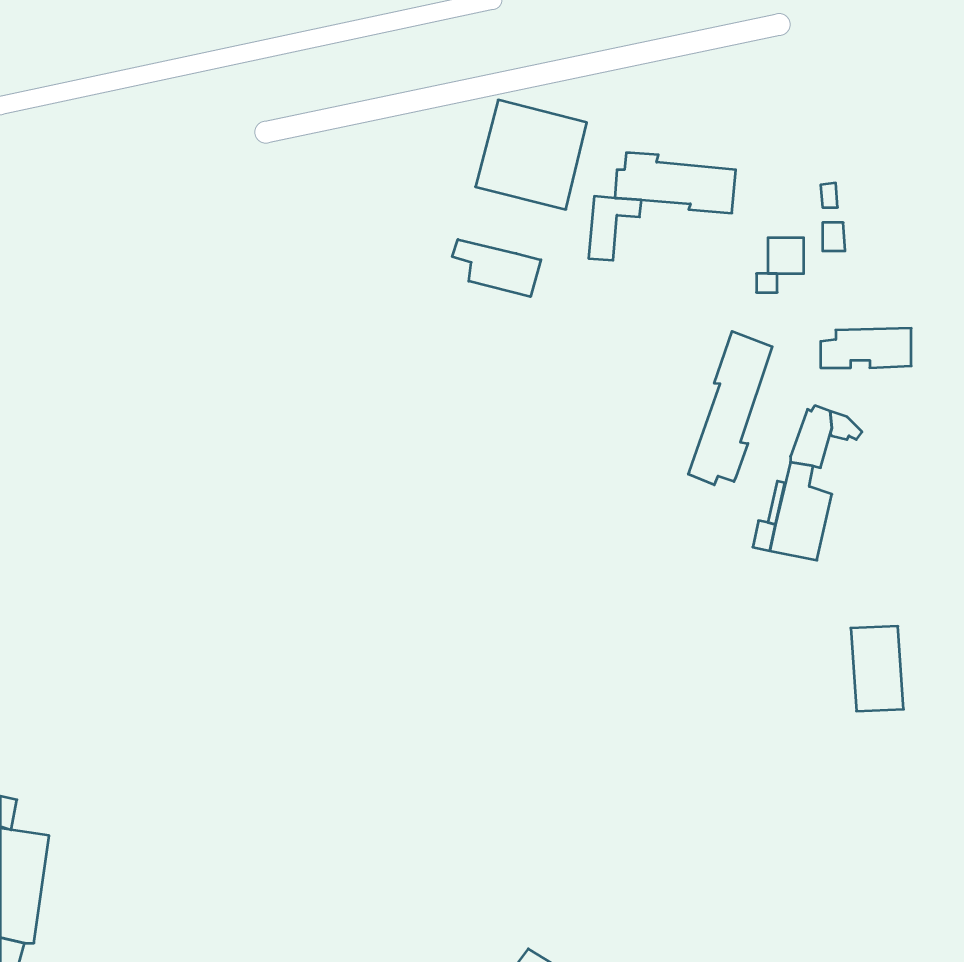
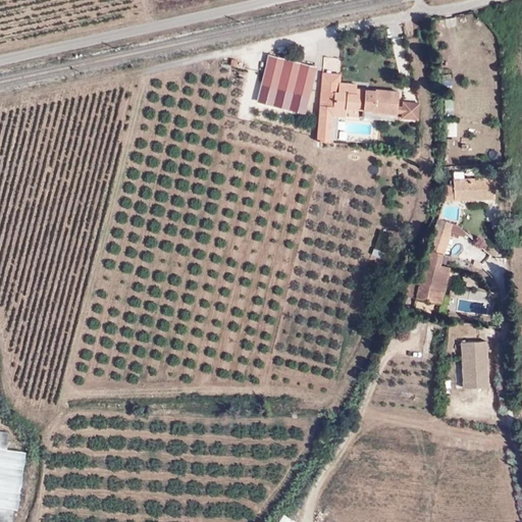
building: none -> [321,74,342,108]
building: [768,238,804,274] -> [399,101,418,120]
building: [452,239,541,297] -> none
building: [688,331,772,485] -> none

